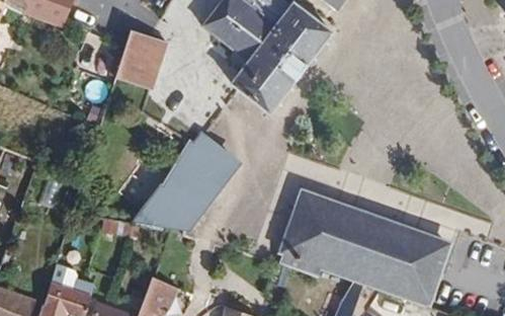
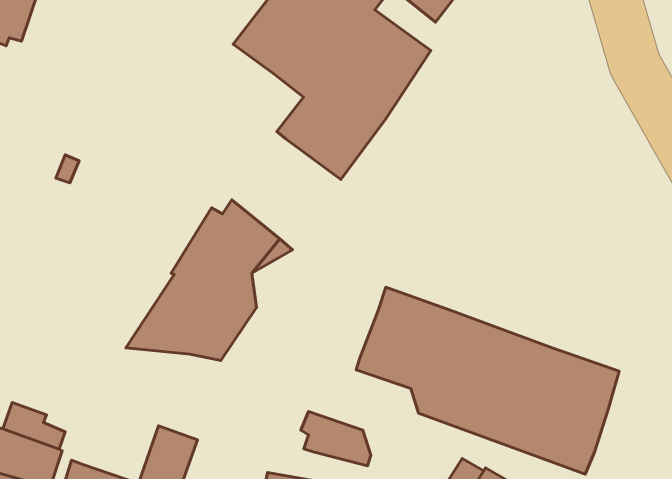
building: [104,25,167,97] -> none
building: [275,241,321,276] -> [301,411,371,466]

